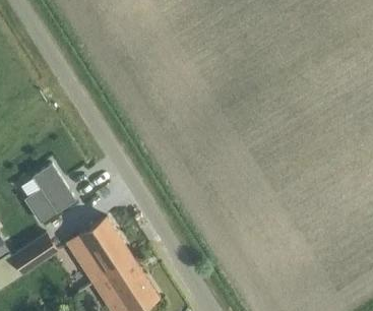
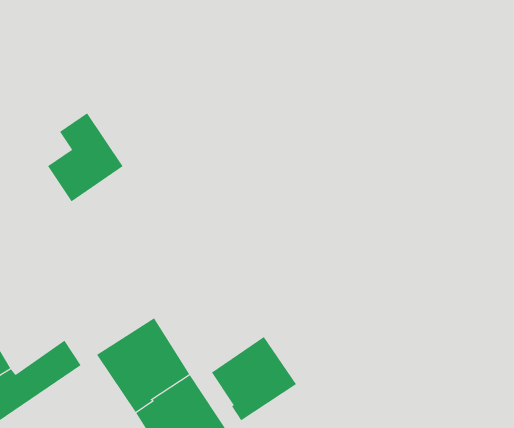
building: [24,163,76,224] -> [47,113,123,202]
building: none -> [211,336,297,421]

